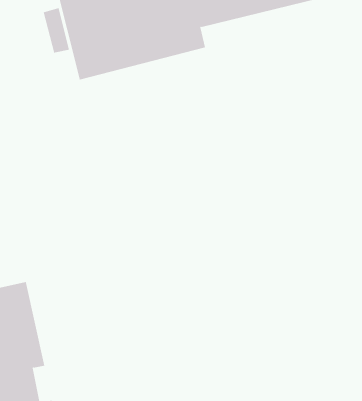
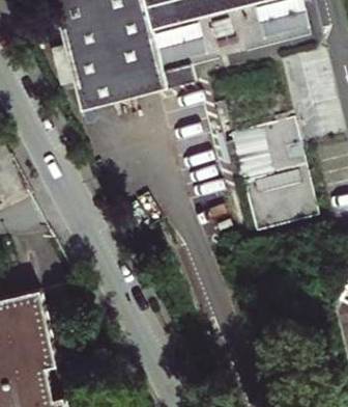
building: none -> [229,120,316,233]

